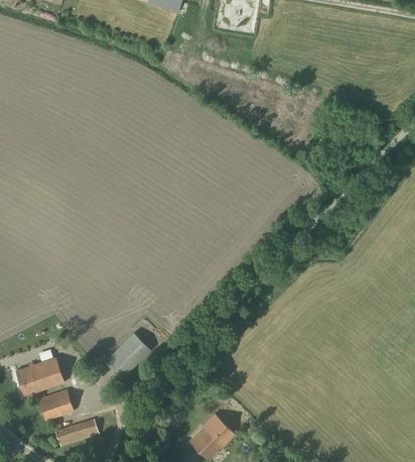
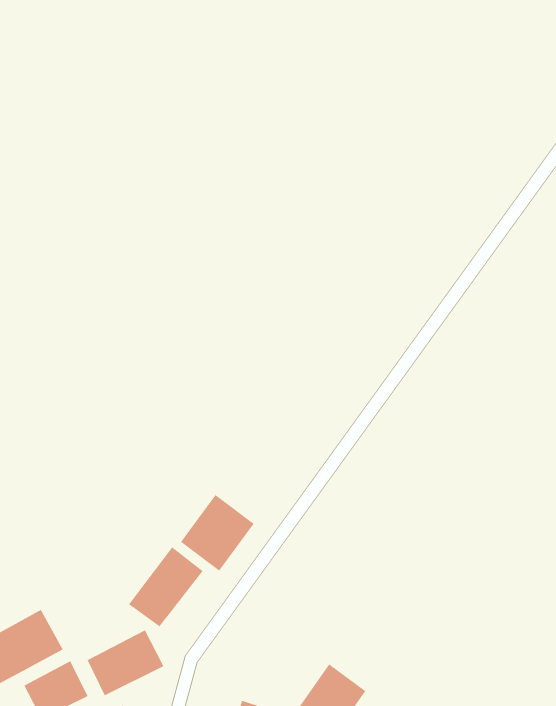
building: none -> [180,494,254,571]
building: none -> [87,629,164,696]

